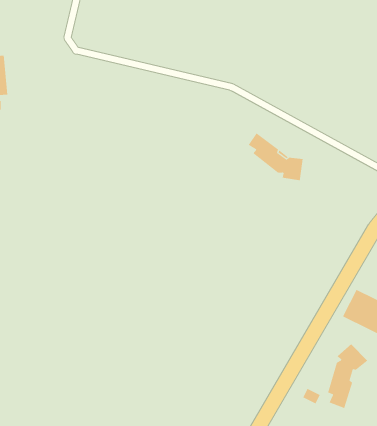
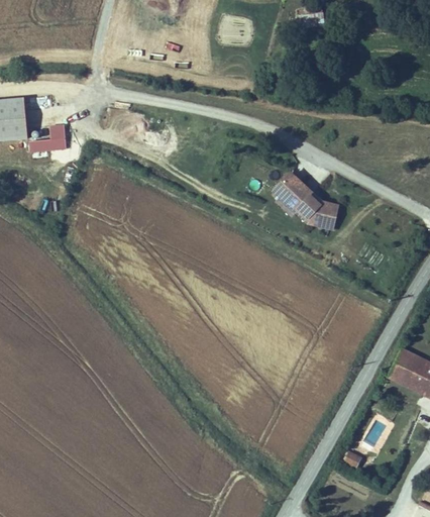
building: none -> [28,124,67,152]
building: [327,344,368,409] -> none

